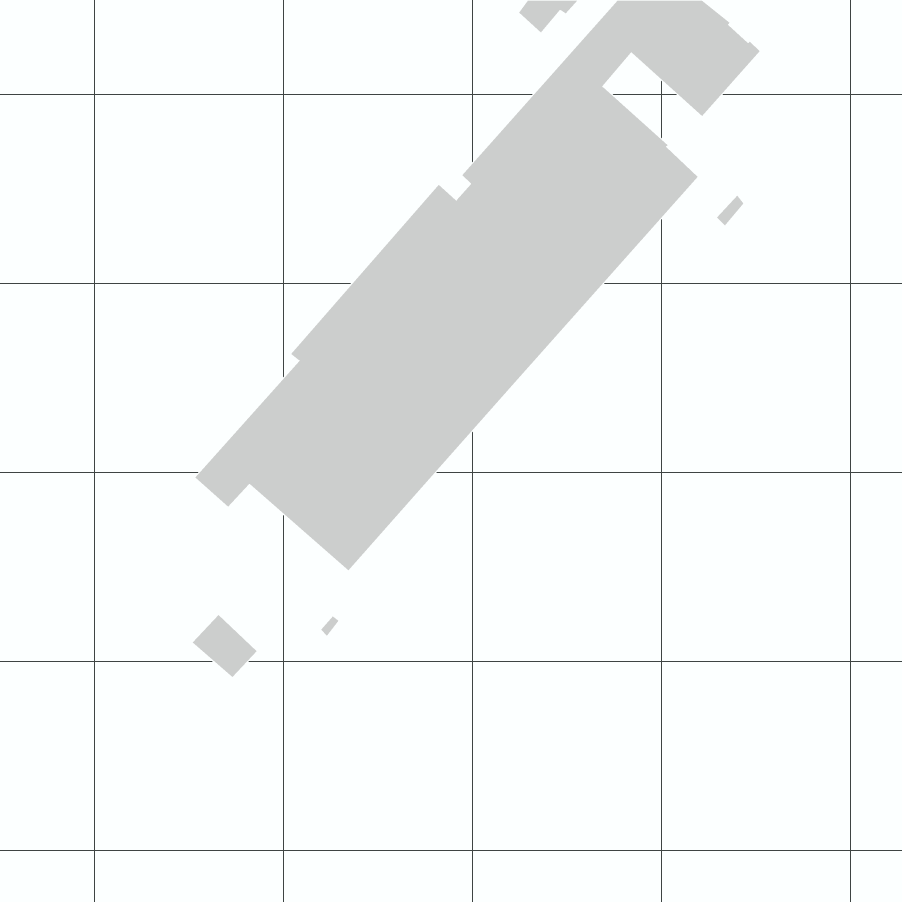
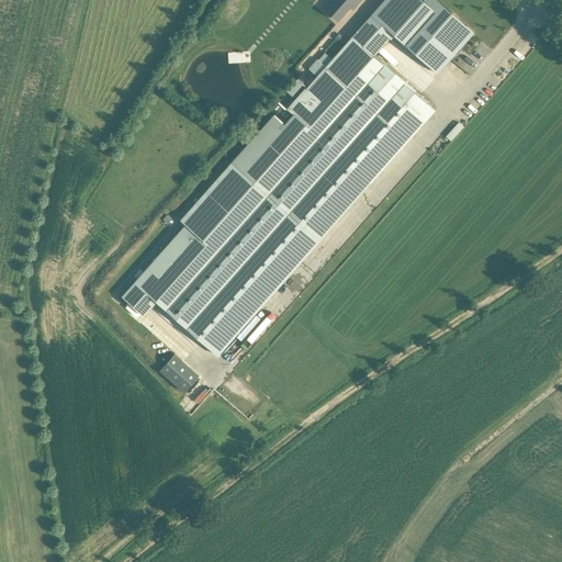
building: [192,614,257,678] -> [157,353,198,393]

